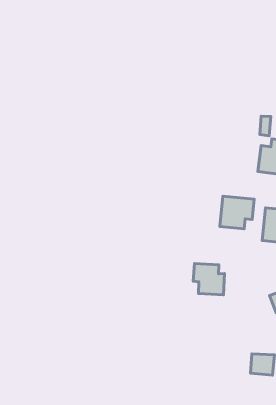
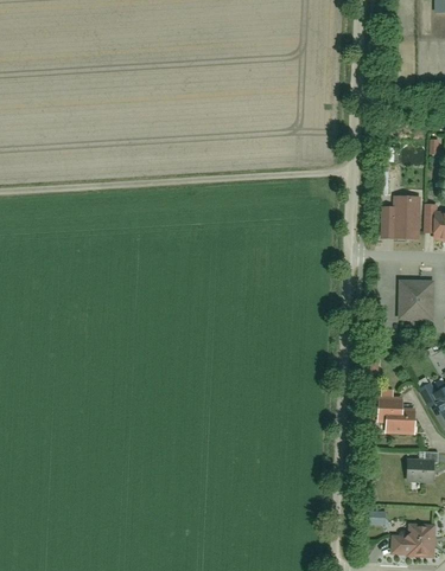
building: [220,196,254,229] -> none
building: [193,264,225,295] -> [376,396,417,434]

